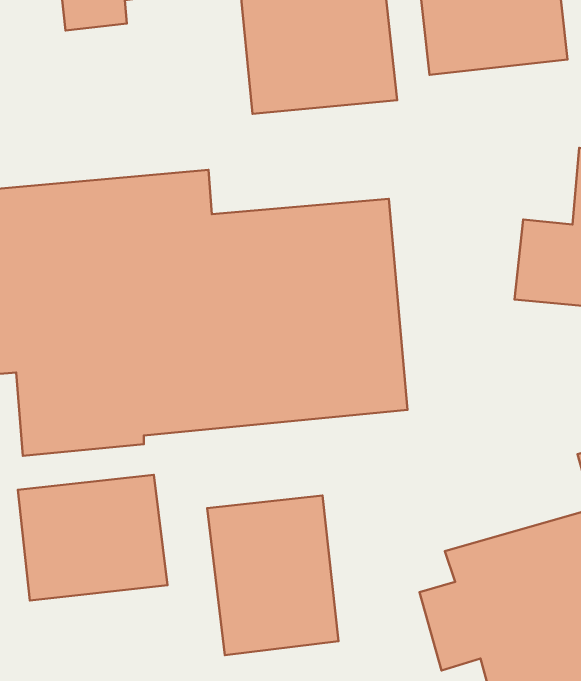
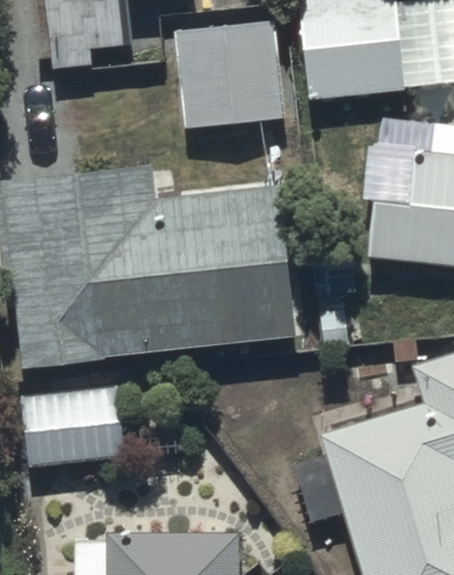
building: [207,496,339,655] -> none

